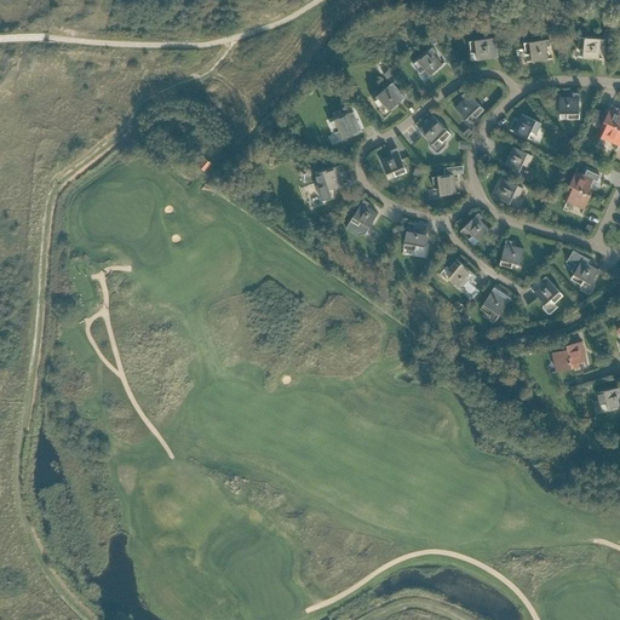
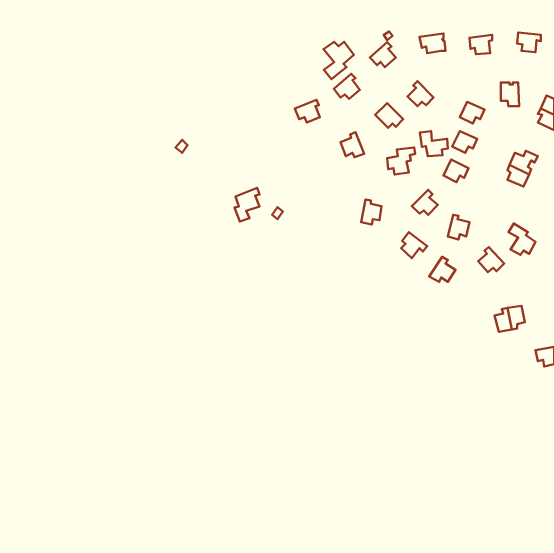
building: none -> [324,42,354,79]
building: none -> [420,131,448,156]
building: [316,165,344,202] -> [234,188,259,222]
building: [346,201,378,236] -> none

